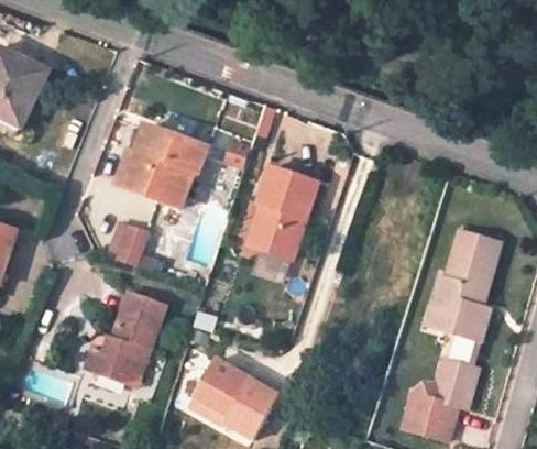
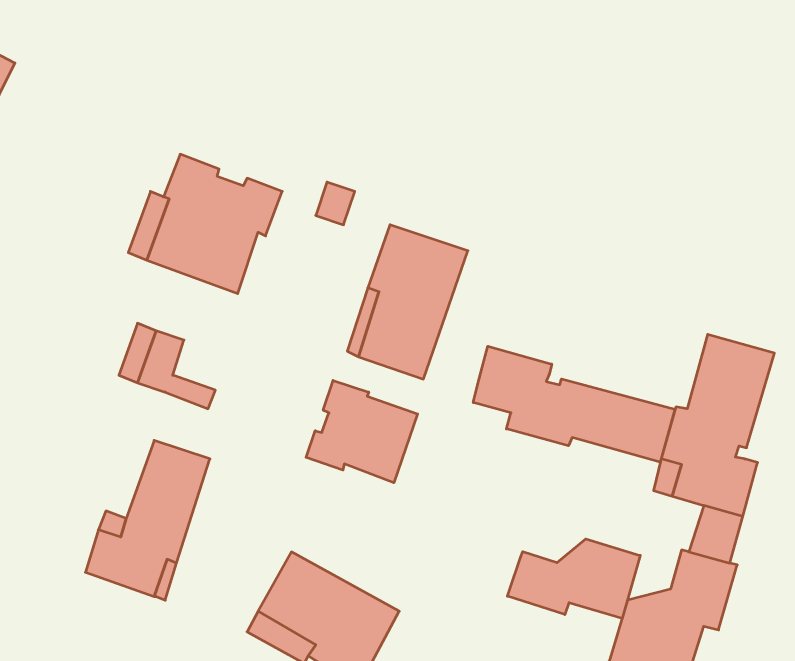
building: none -> [473,346,675,462]
building: none -> [306,380,418,483]
building: none -> [507,539,640,618]

